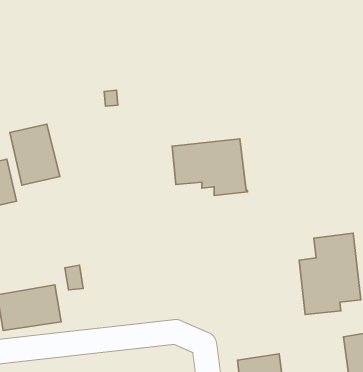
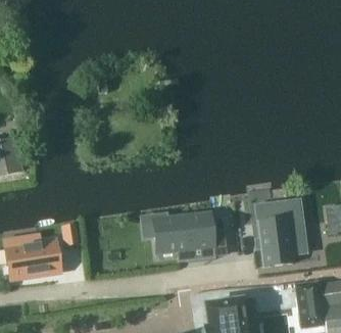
building: [10,124,60,185] -> none
building: [172,139,247,196] -> [154,215,216,261]

